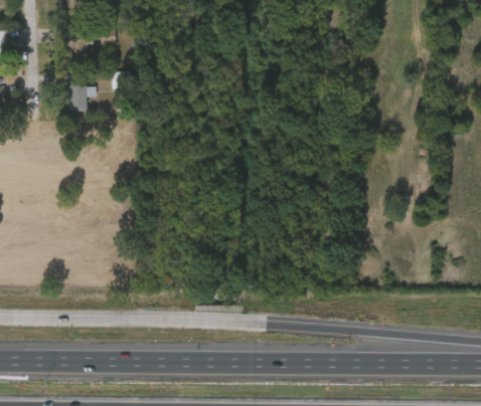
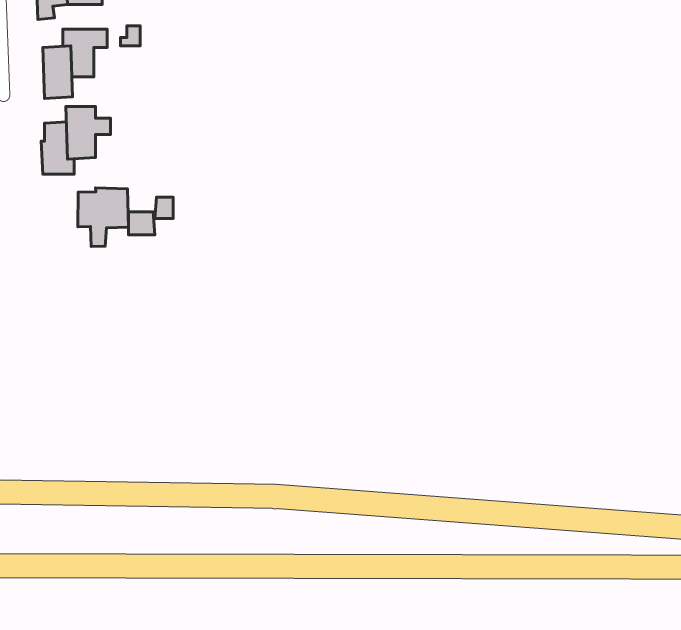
building: none -> [78,188,129,247]

